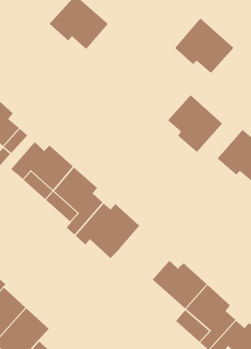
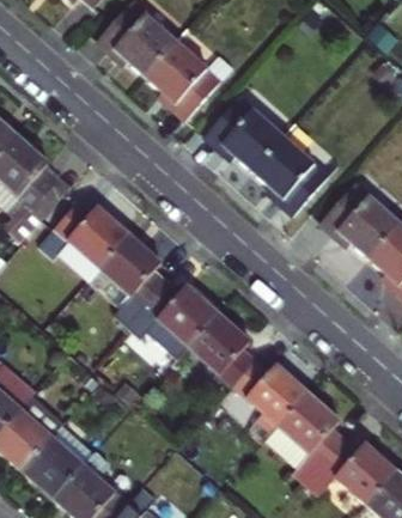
building: [174,17,234,74] -> [206,98,286,173]
building: none -> [147,44,221,123]
building: none -> [191,313,257,385]

